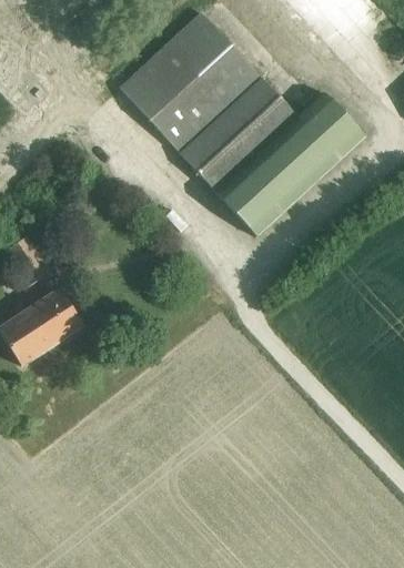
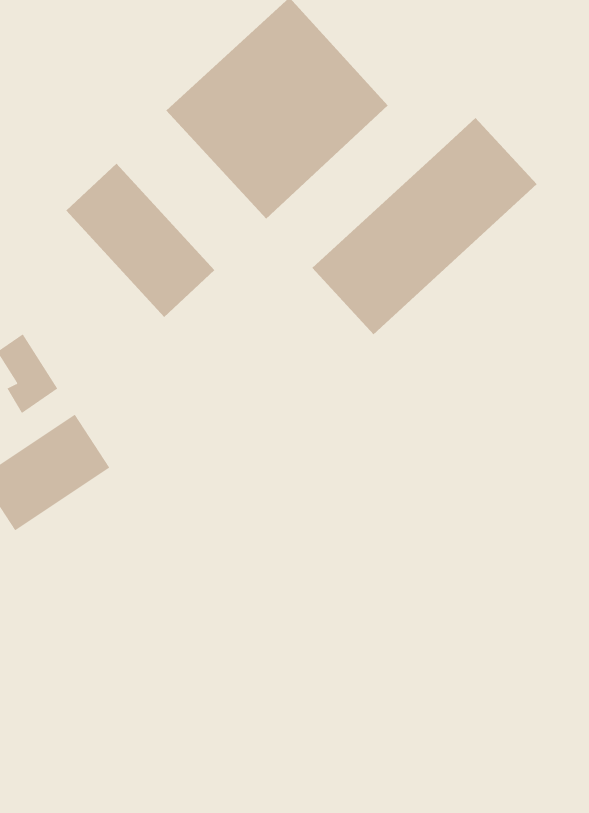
building: [186,83,299,191] -> none
building: none -> [65,163,215,318]

